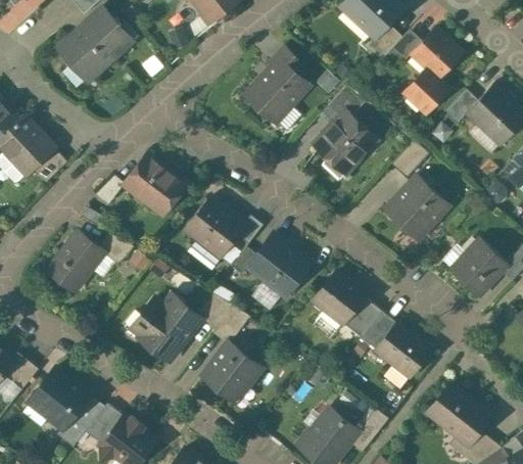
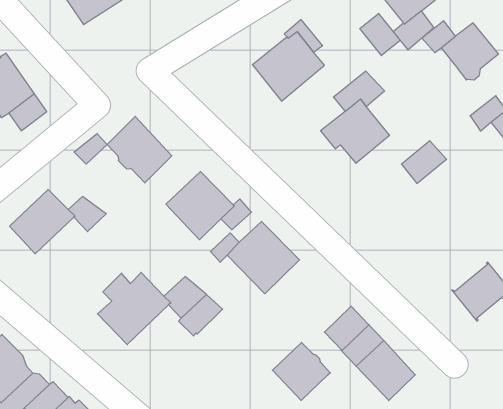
building: none -> [360,13,400,56]
building: [402,69,447,114] -> none
building: [386,177,447,238] -> none
building: [313,273,365,325] -> [272,342,330,400]
building: [201,342,260,403] -> none

